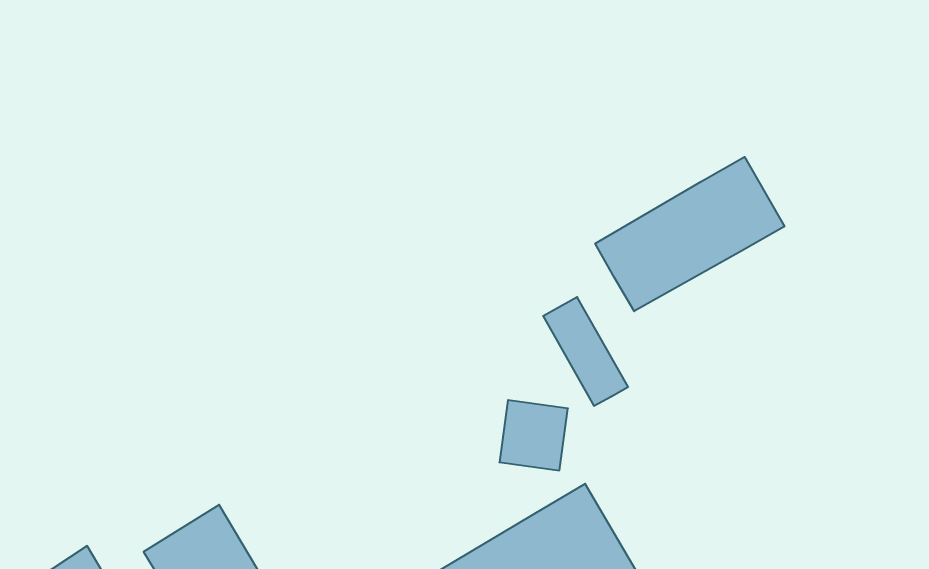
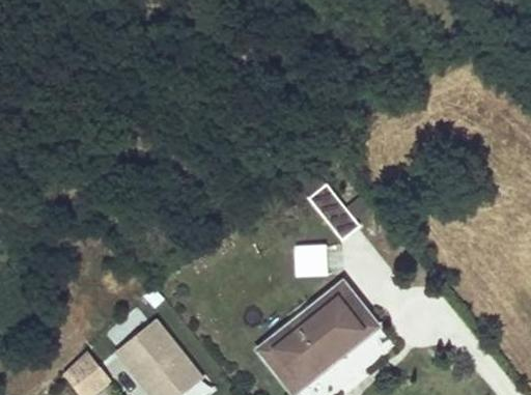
building: [595,157,784,311] -> none

